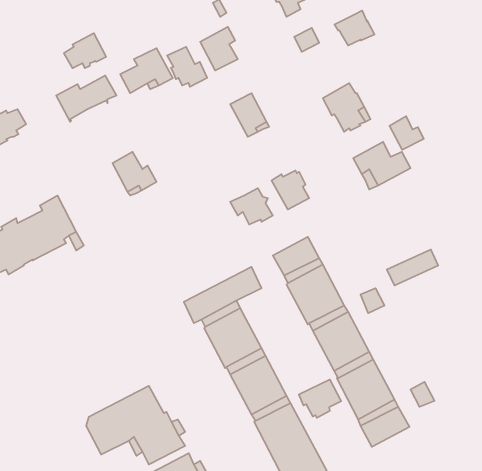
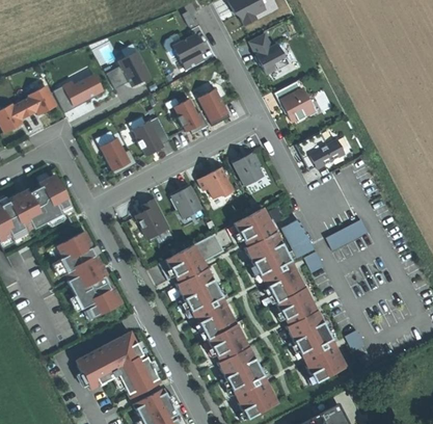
building: [335,11,375,46] -> [255,44,289,73]
building: [64,33,106,68] -> [22,85,57,114]
building: [167,47,207,87] -> [174,99,208,132]
building: [389,116,424,150] -> none
building: none -> [133,115,170,155]
building: none -> [172,184,202,217]
building: none -> [137,197,171,239]
building: none -> [282,218,315,257]
building: none -> [57,231,123,316]
building: [299,380,341,418] -> none

